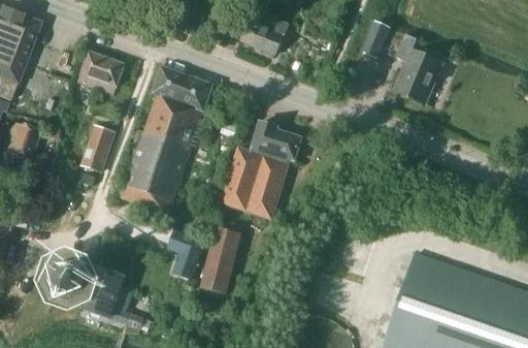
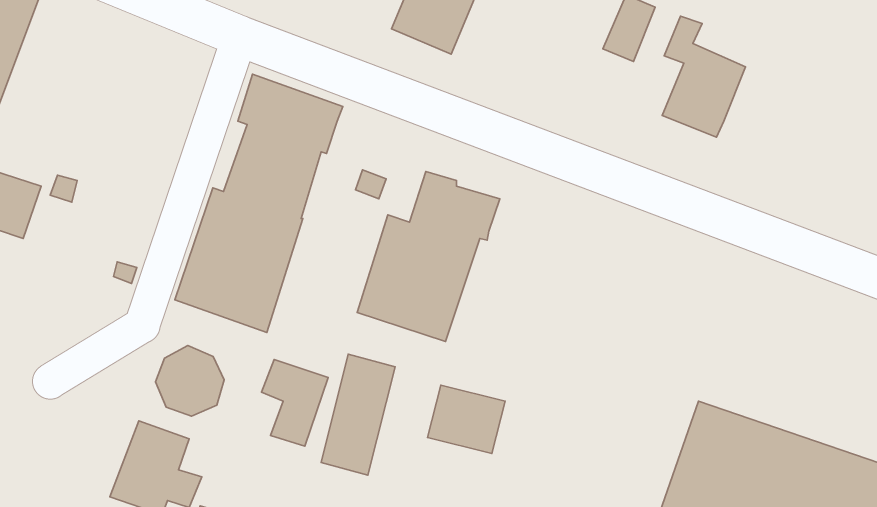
building: [78,51,125,94] -> none
building: [79,124,117,172] -> none
building: none -> [428,385,505,454]
building: [48,260,88,300] -> [155,346,224,416]

